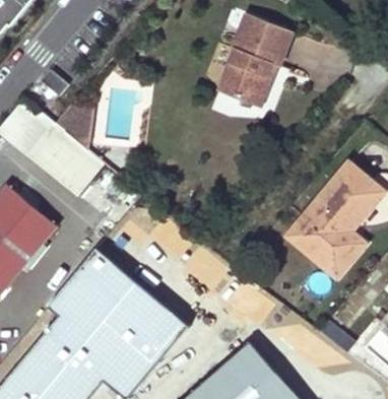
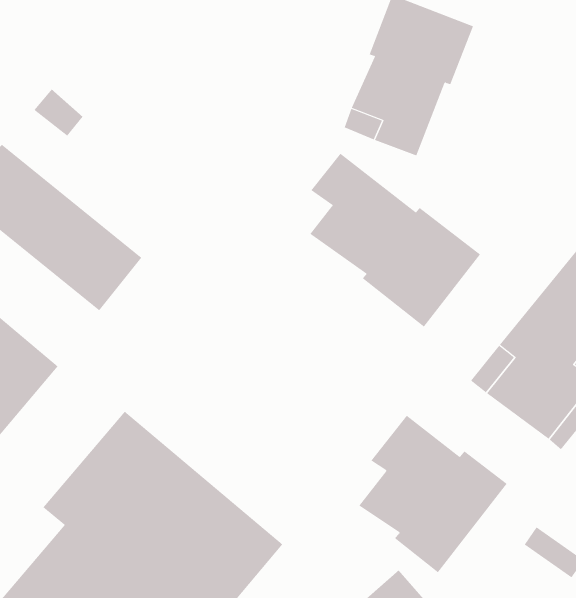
building: none -> [310,153,481,327]
building: none -> [359,415,507,573]

